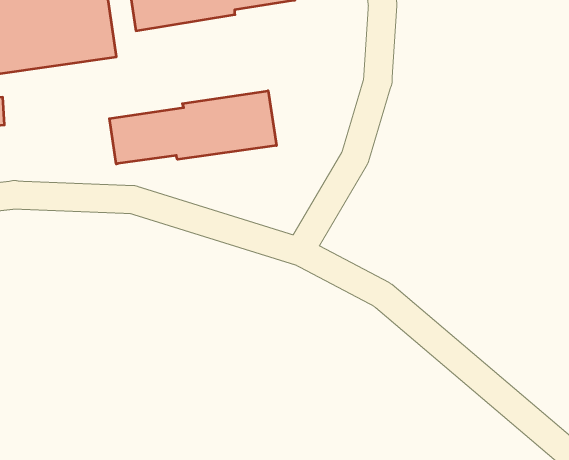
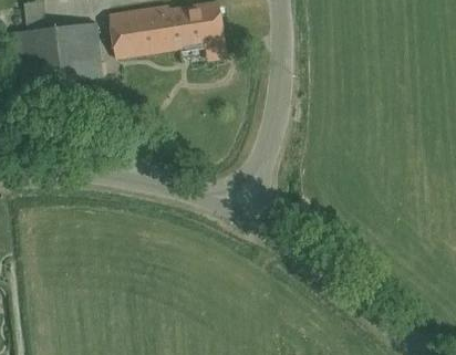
building: [109,91,276,164] -> none

